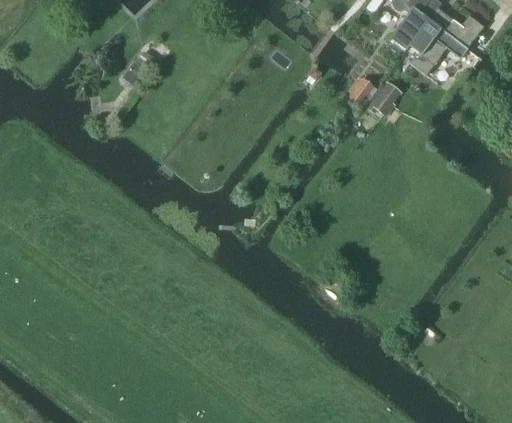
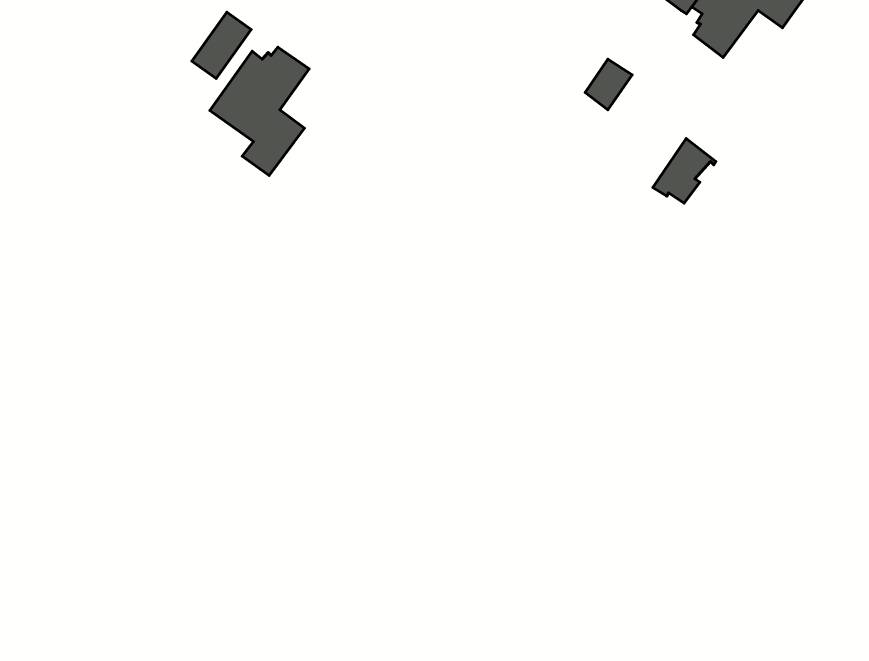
building: none -> [210,47,309,176]
building: [368,79,404,116] -> [653,139,716,203]

